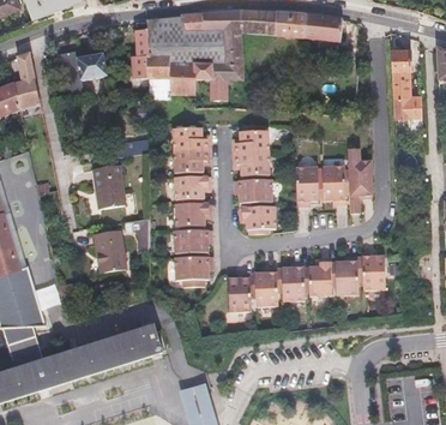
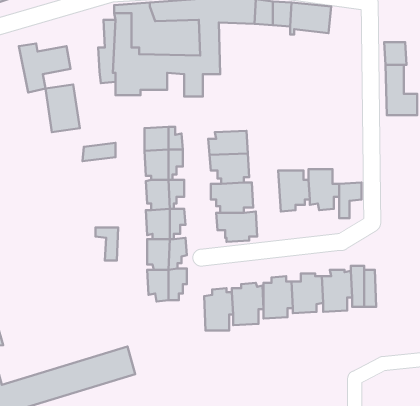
building: [349,148,370,179] -> none
building: [94,167,125,210] -> [45,85,80,132]
building: [97,233,127,275] -> none

